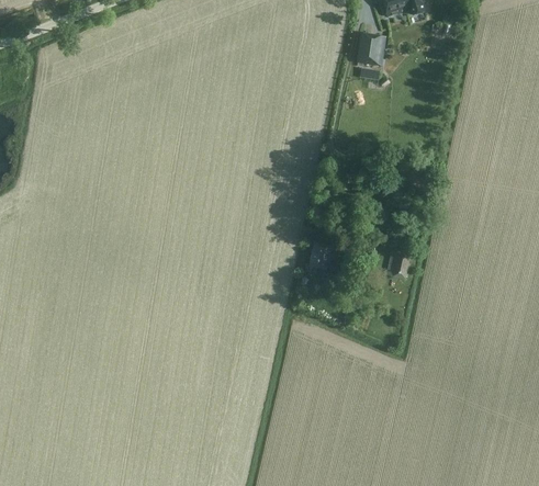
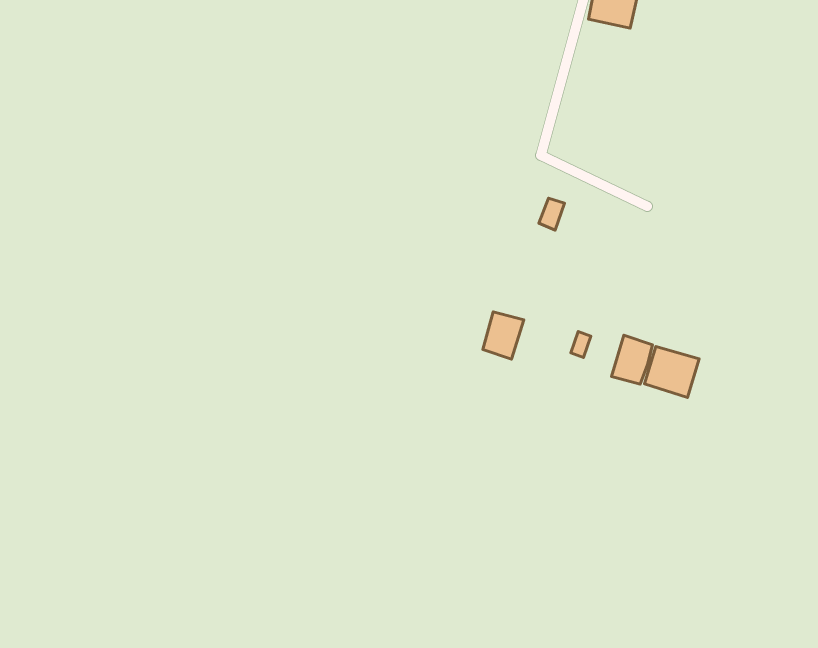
building: none -> [645,346,699,398]

